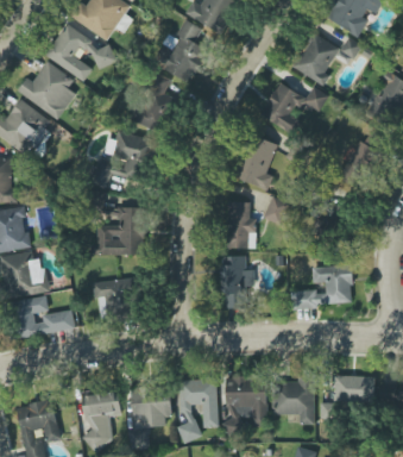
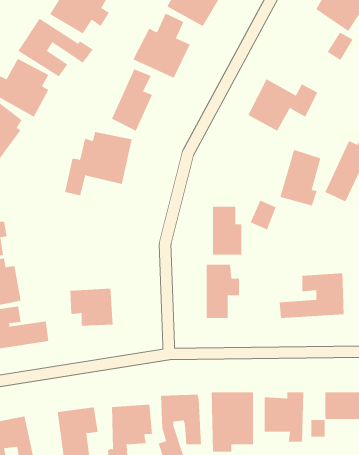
building: [292,32,338,83] -> none
building: [237,134,276,188] -> [280,149,321,206]
building: [95,207,143,255] -> none

